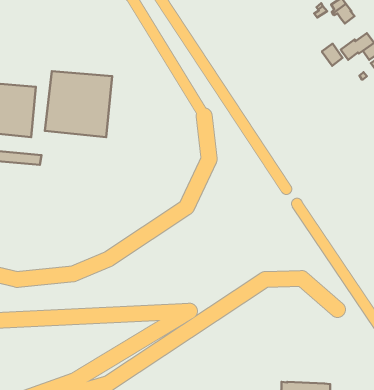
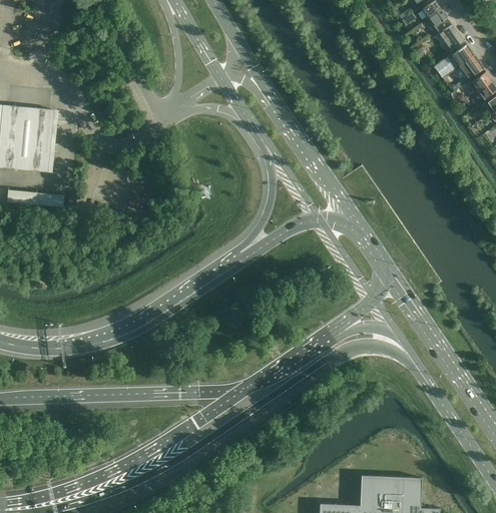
building: [322,44,343,66] -> [439,24,464,51]
building: [45,71,112,137] -> none

